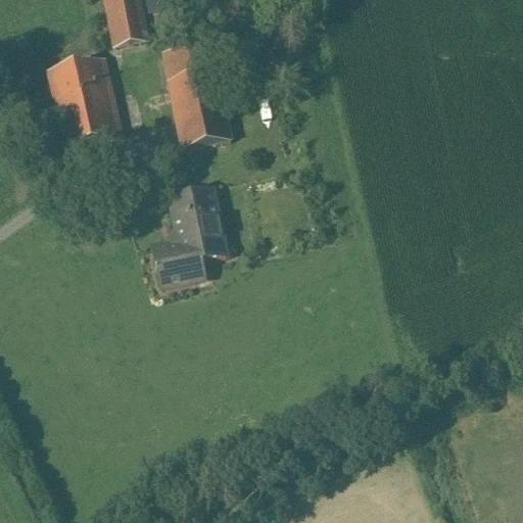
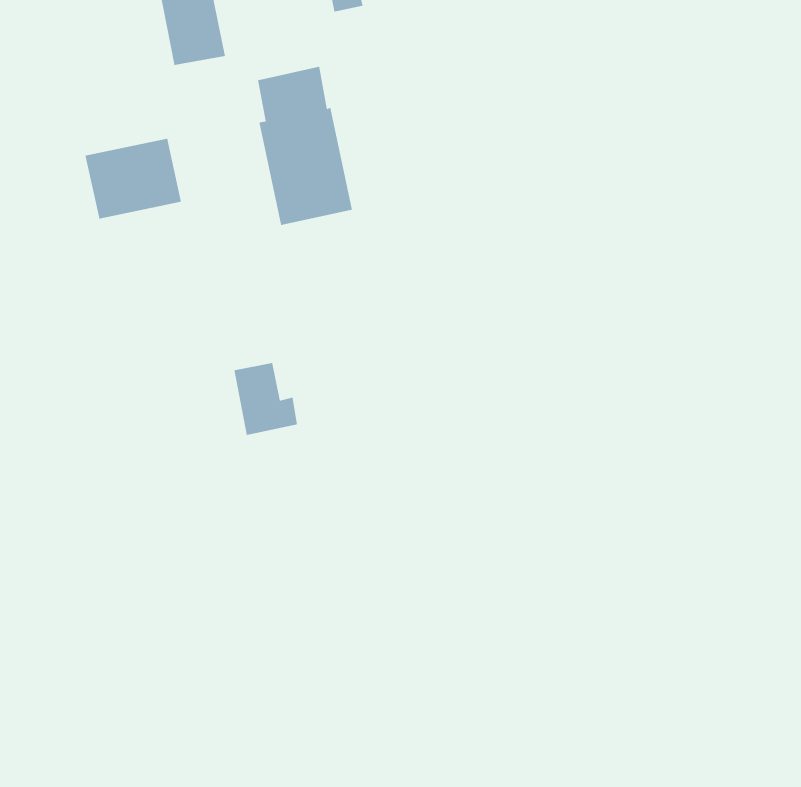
building: [47,56,109,102] -> none
building: [169,185,224,260] -> none

